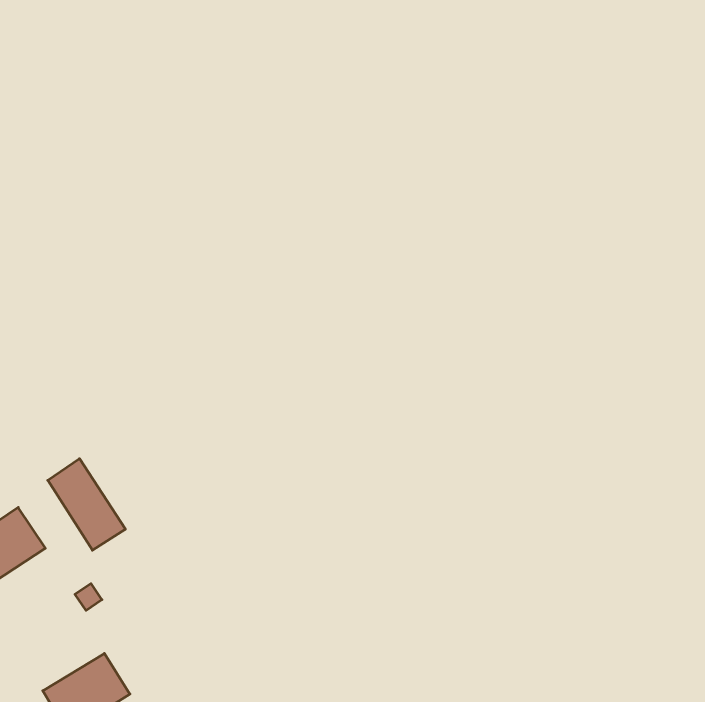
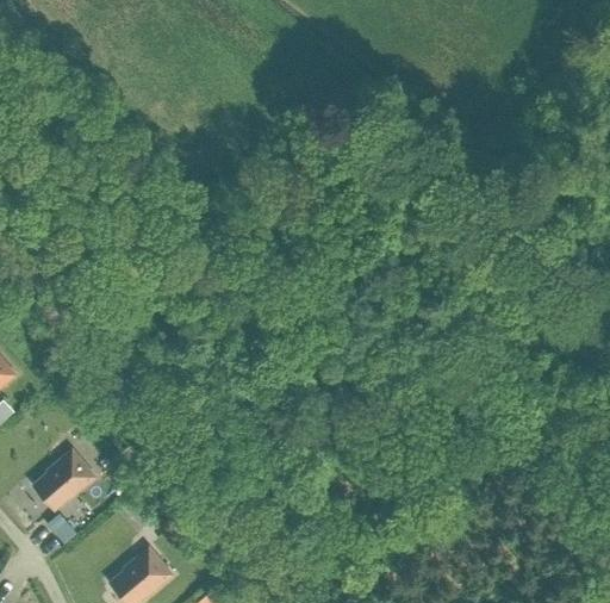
building: [48,459,125,550] -> none

